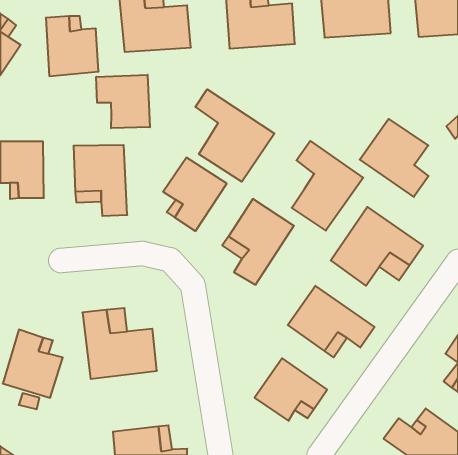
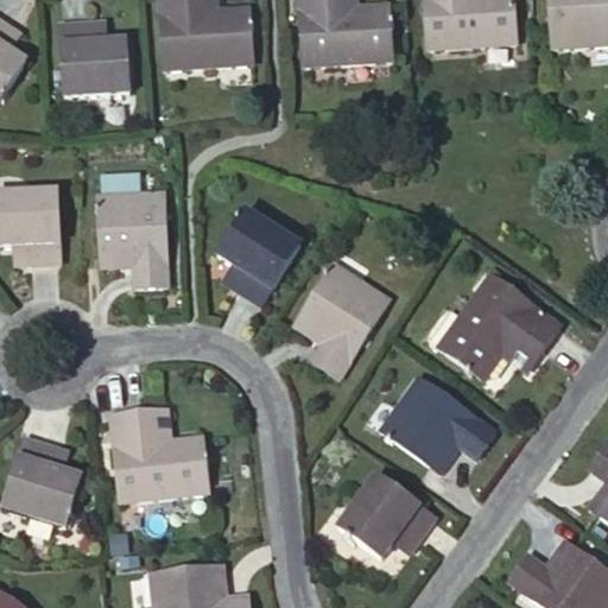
building: [96,75,150,128] -> none
building: [195,89,274,182] -> none
building: [360,119,429,197] -> none
building: [292,141,363,231] -> none

